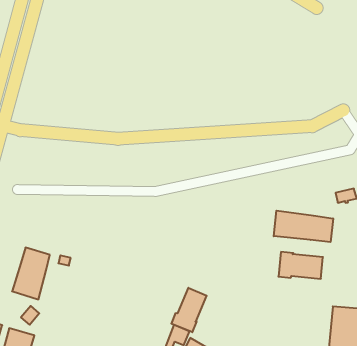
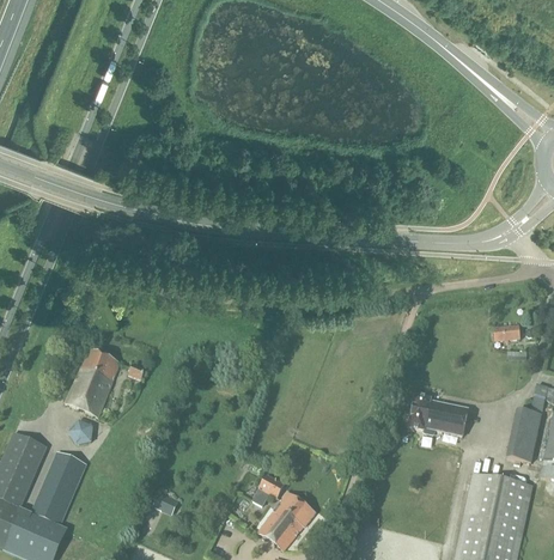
building: [274,211,333,242] -> none
building: [171,288,207,332] -> none

